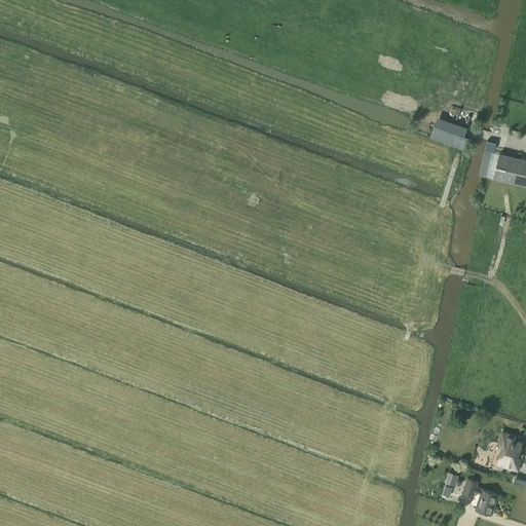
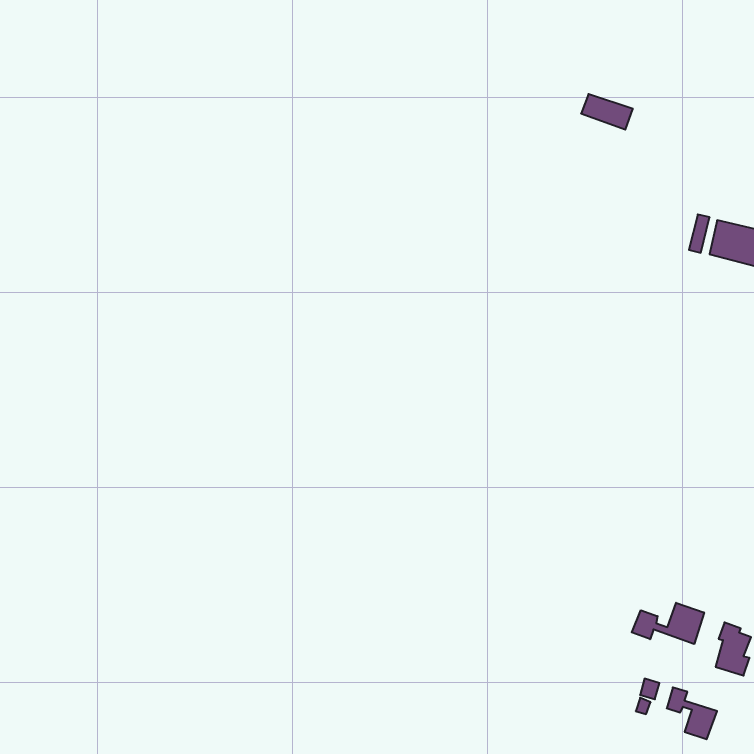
building: [430,124,466,149] -> [581,94,633,130]
building: none -> [632,603,704,644]

